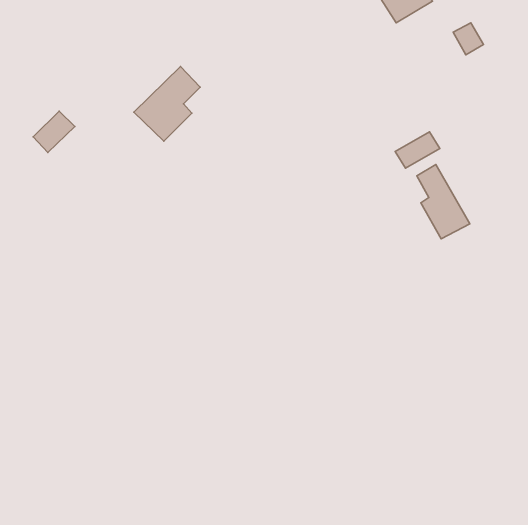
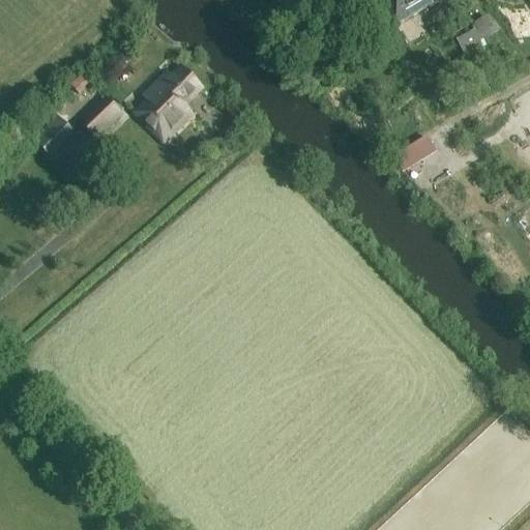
building: none -> [81,95,124,138]
building: [417,164,470,239] -> none

